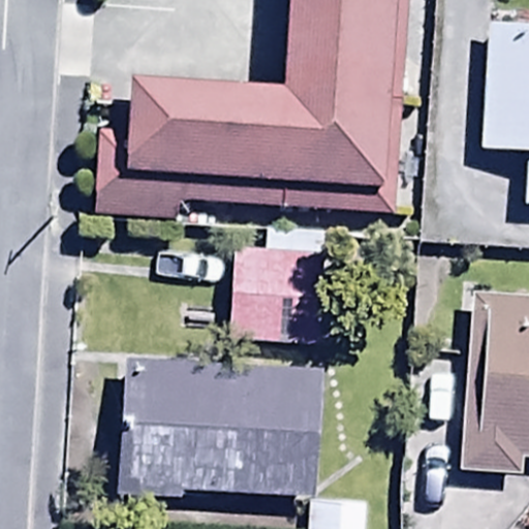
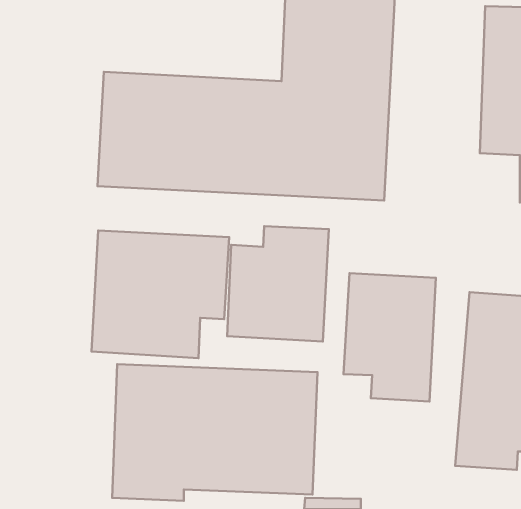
building: none -> [92,230,229,358]
building: none -> [343,273,436,402]

